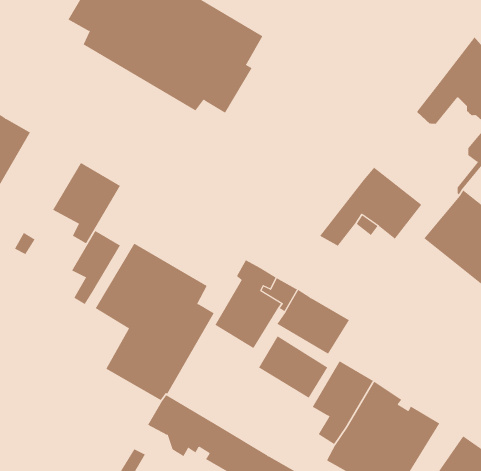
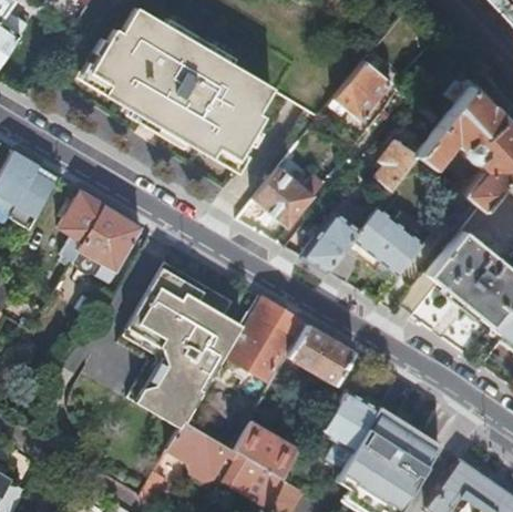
building: none -> [335,62,391,121]
building: none -> [376,140,419,192]
building: none -> [254,167,326,228]
building: none -> [301,204,369,273]
building: [71,230,121,305] -> [59,190,105,259]
building: [258,335,328,398] -> [233,419,298,478]

